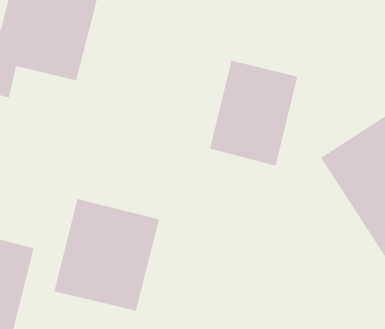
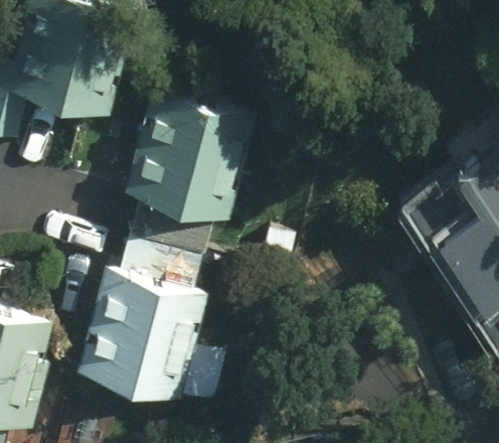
building: none -> [126,93,247,227]
building: [209,60,298,166] -> none

